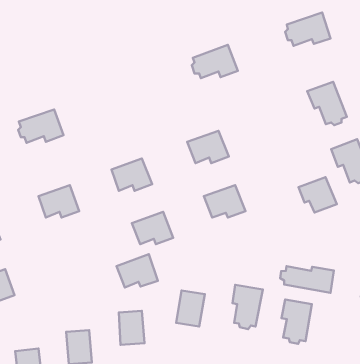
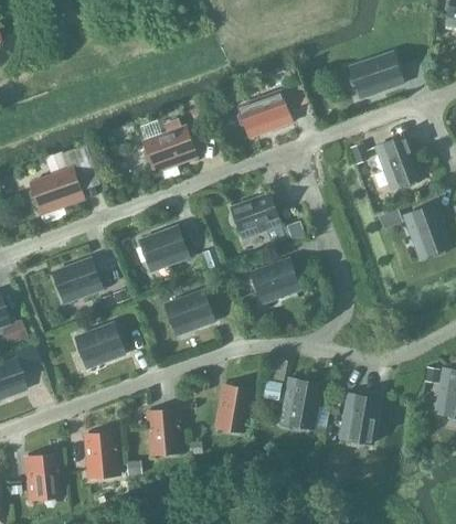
building: none -> [142,127,197,167]
building: [298,177,337,212] -> none
building: [116,254,158,287] -> [75,323,125,363]
building: [280,266,334,293] -> none

